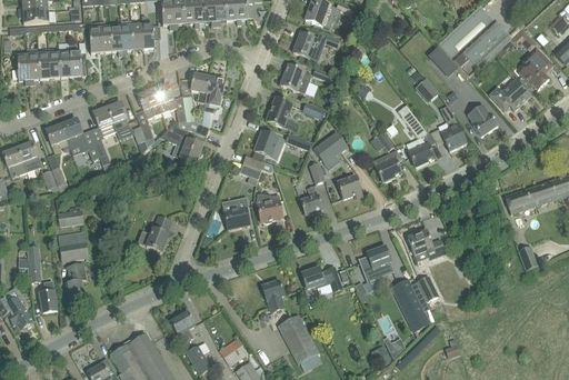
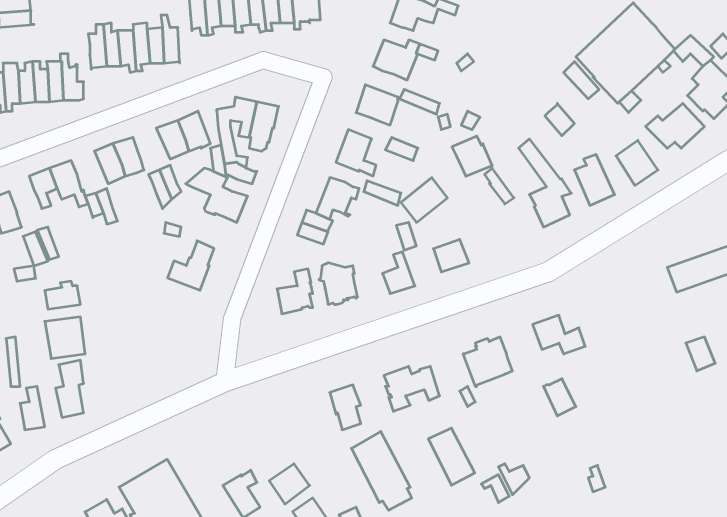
building: [372,152,401,181] -> [452,136,492,176]
building: [138,216,171,251] -> [168,241,214,290]
building: [391,279,425,320] -> [428,428,475,485]
building: [169,310,196,341] -> none

